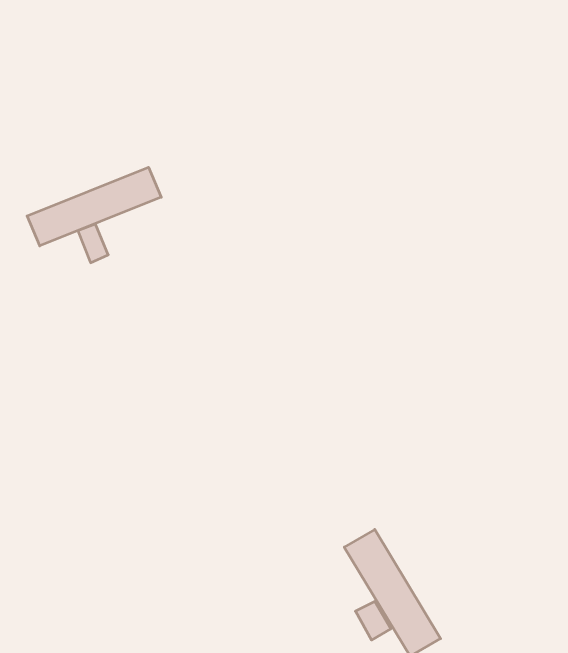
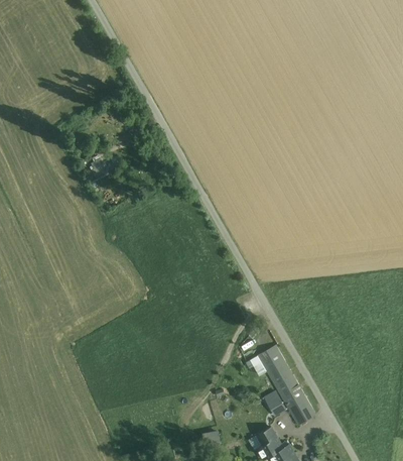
building: [27,167,161,246] -> none

